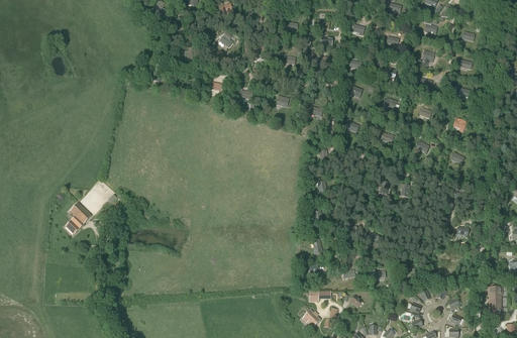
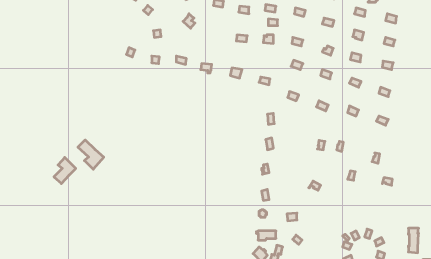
building: none -> [78,140,104,169]

